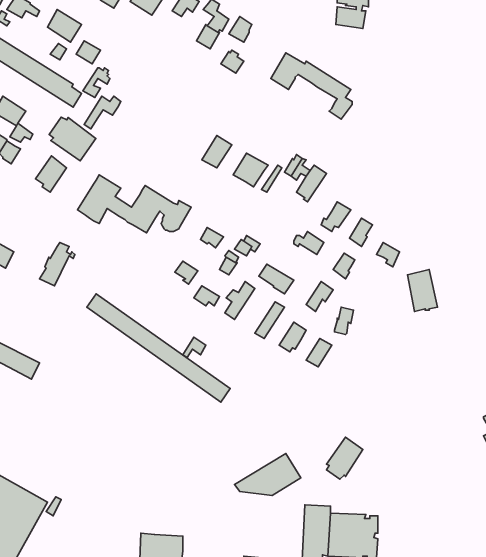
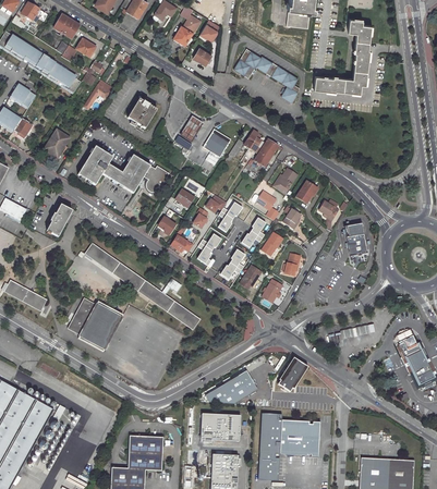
building: none -> [313,17,371,93]
building: none -> [126,99,156,129]
building: [49,117,96,161] -> none
building: none -> [68,297,122,351]
building: none -> [201,413,240,441]

